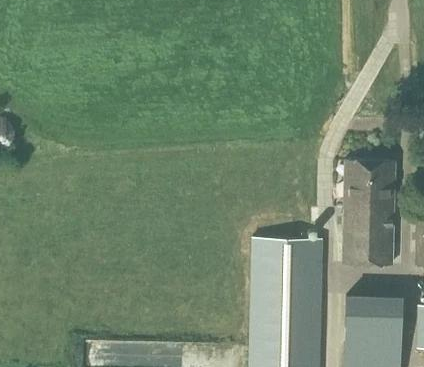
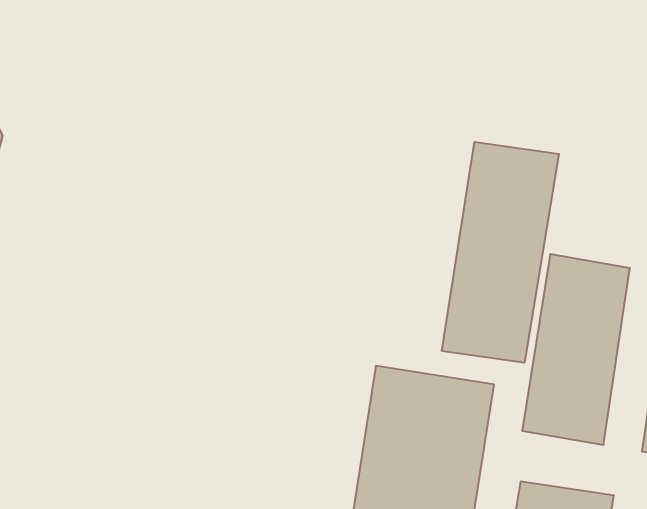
building: none -> [442,142,559,363]

